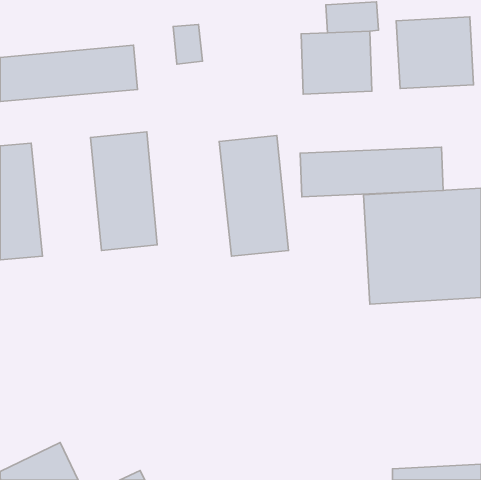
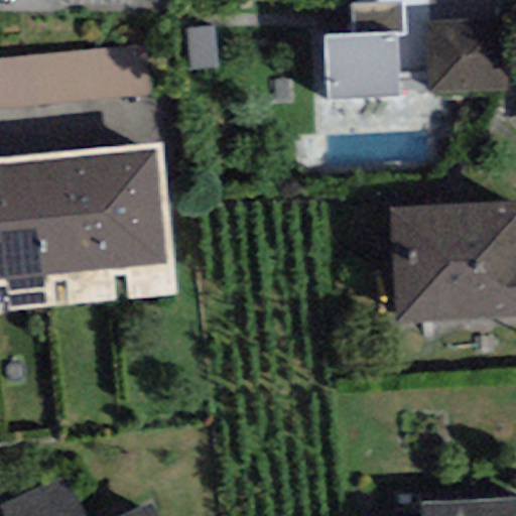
building: [219,136,288,256] -> none
building: none -> [33,147,109,274]
building: [300,147,443,197] -> none

